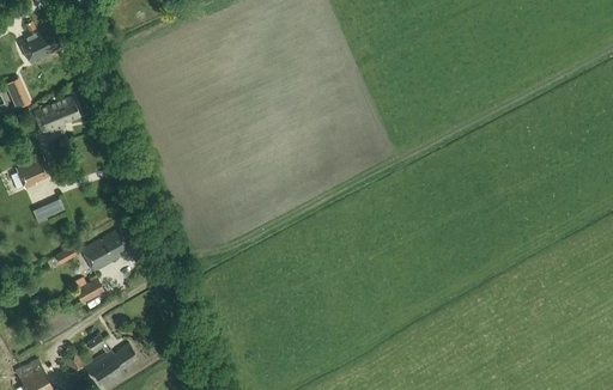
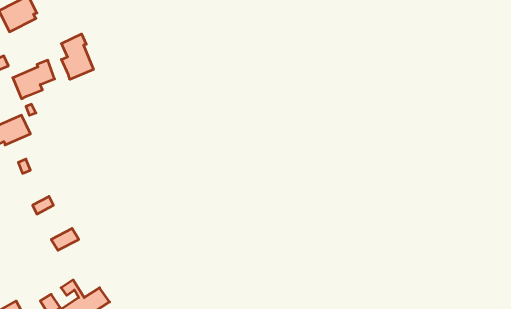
building: none -> [61,34,93,79]
building: [80,230,128,273] -> none

